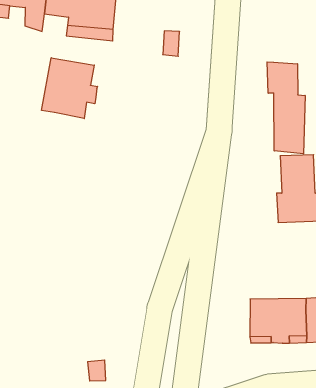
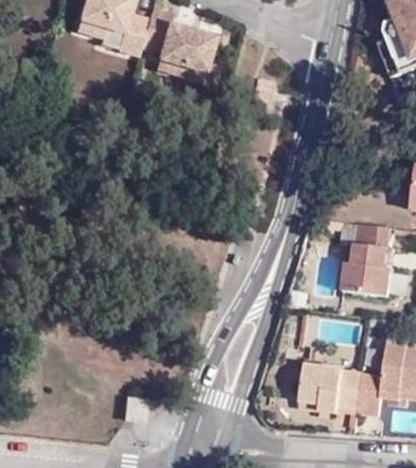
building: [42,58,97,119] -> none
building: [267,62,305,154] -> none

